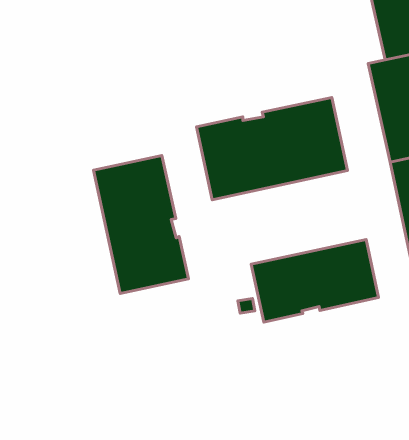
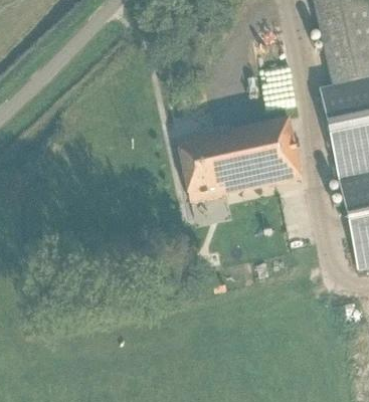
building: [94,155,189,293] -> none
building: [251,239,379,322] -> none

